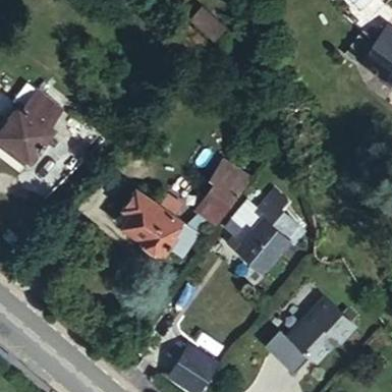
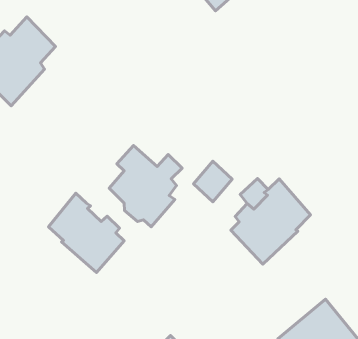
building: [200,156,248,205] -> none
building: none -> [49,193,124,272]

